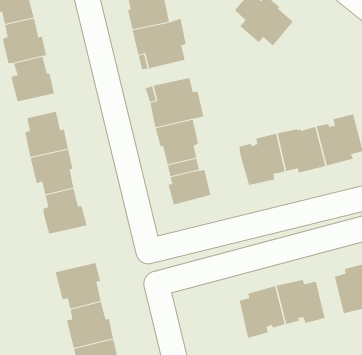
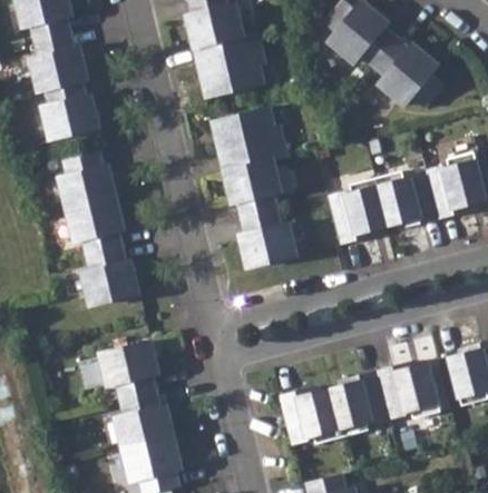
building: none -> [373,38,446,109]
building: none -> [277,386,341,444]

